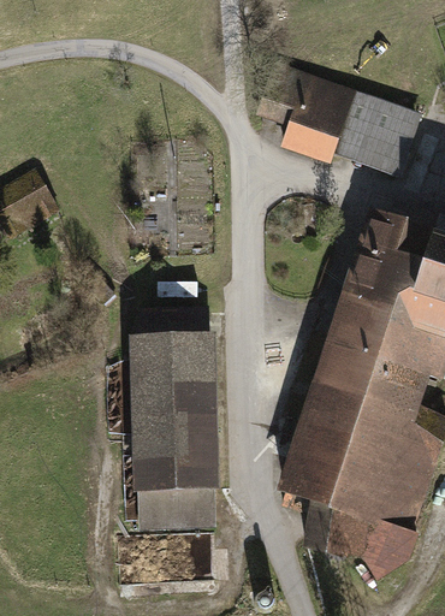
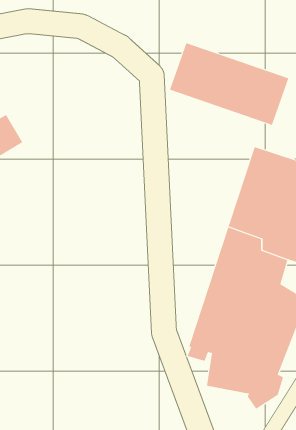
building: [127,308,218,529] -> none

